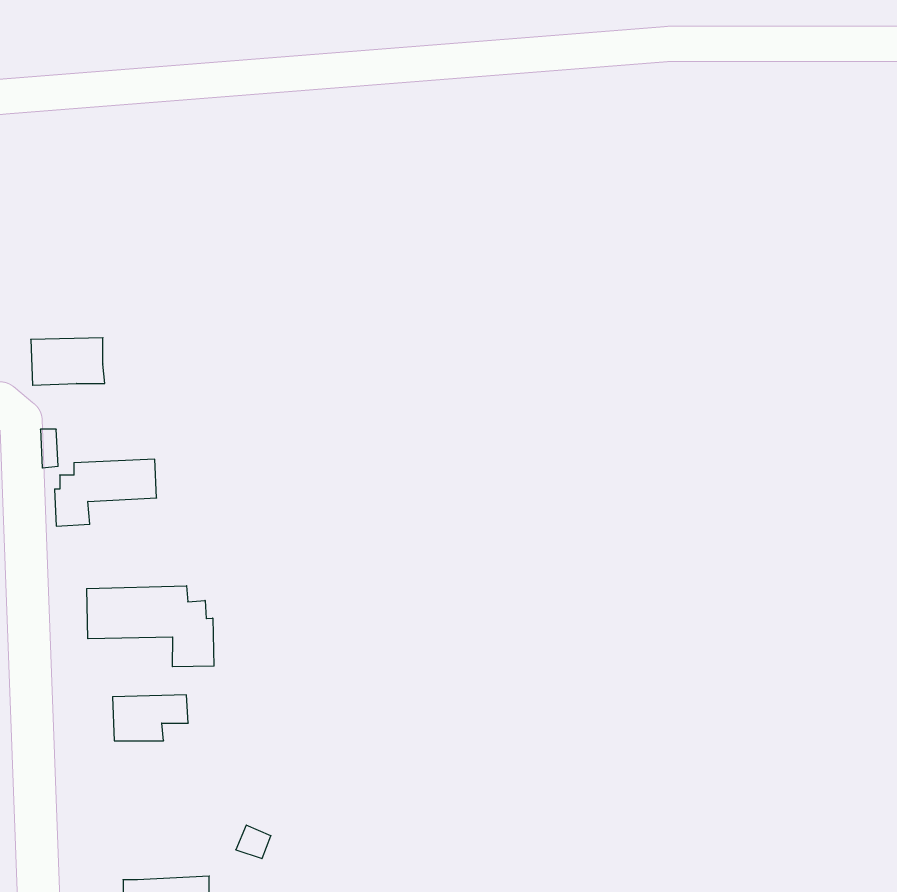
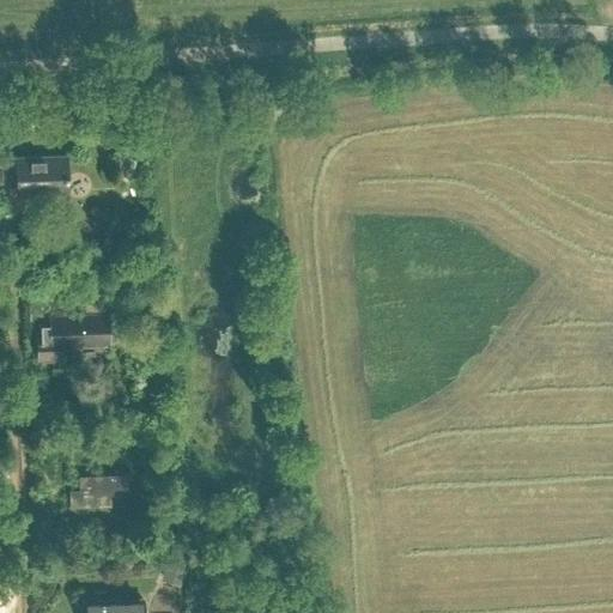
building: [31,338,105,385] -> [18,163,68,195]
building: [87,586,214,667] -> none

